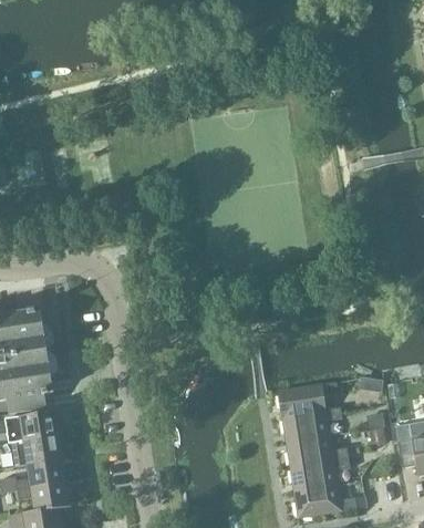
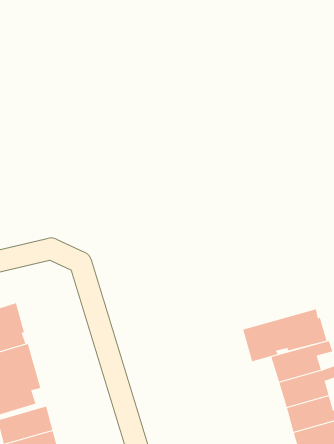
building: none -> [243,309,327,362]

